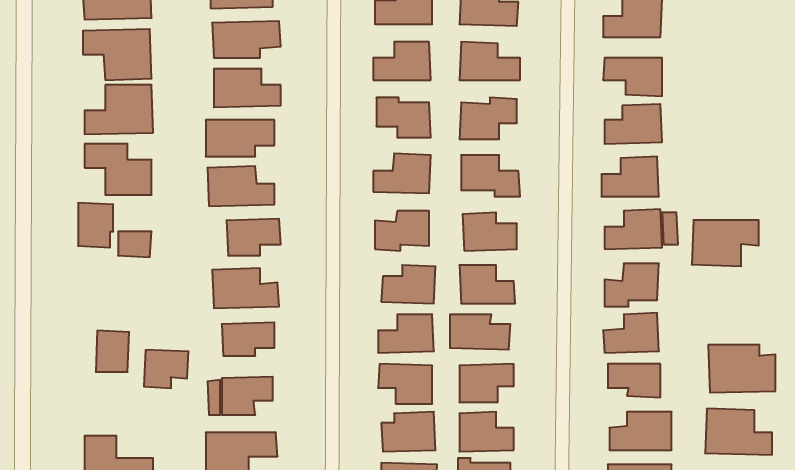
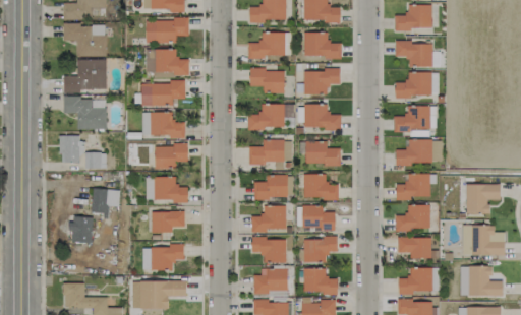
building: [692,220,759,266] -> [458,185,501,214]
building: [144,350,189,388] -> [92,189,120,213]

